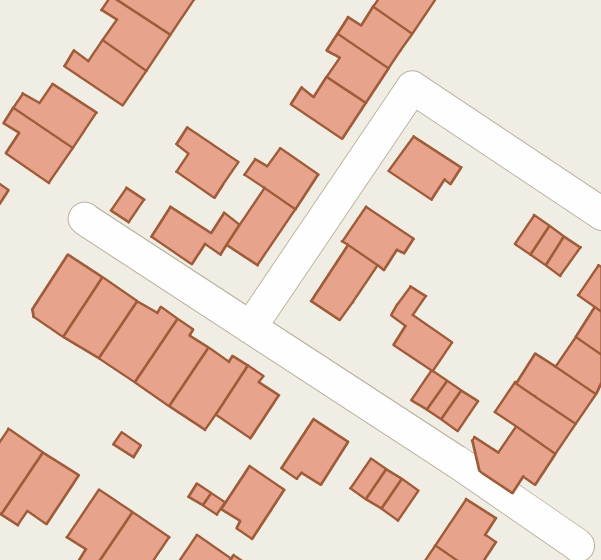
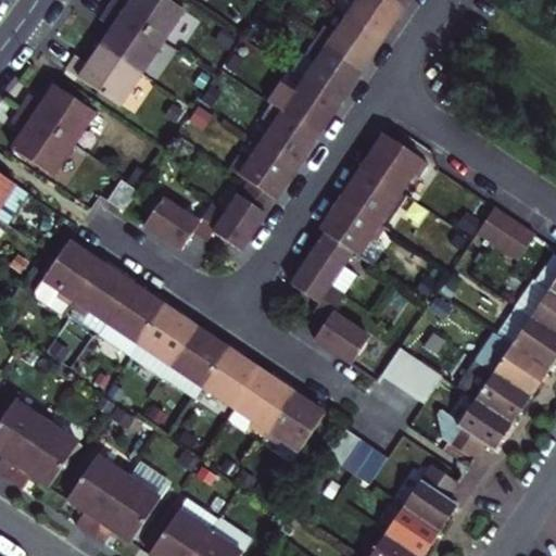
building: [176,127,238,198] -> [262,104,318,168]
building: none -> [340,165,400,227]
building: [391,286,452,371] -> [311,285,366,362]
building: [221,466,284,539] -> [235,369,292,435]

